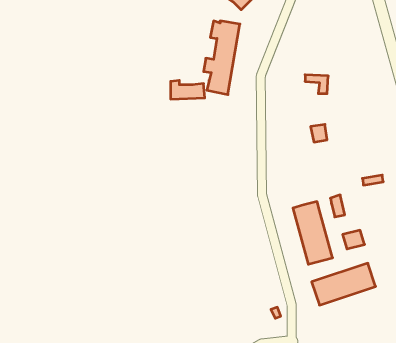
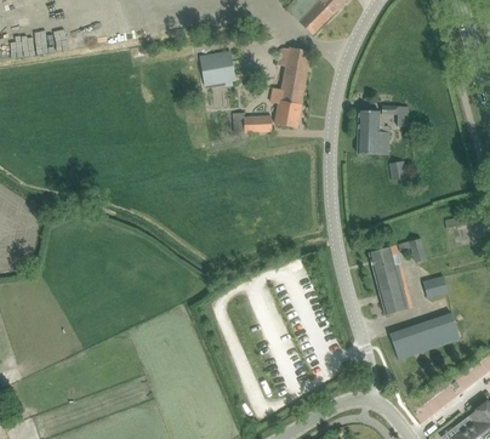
building: none -> [198,50,234,85]
building: none -> [357,110,388,154]

